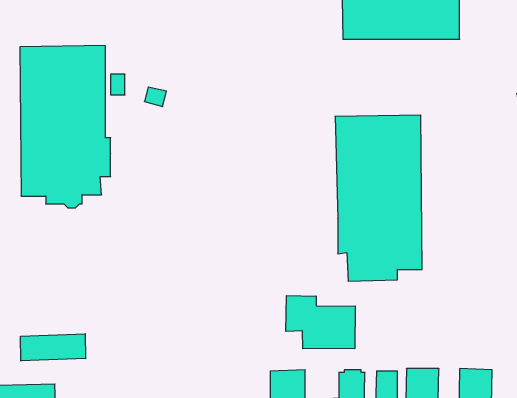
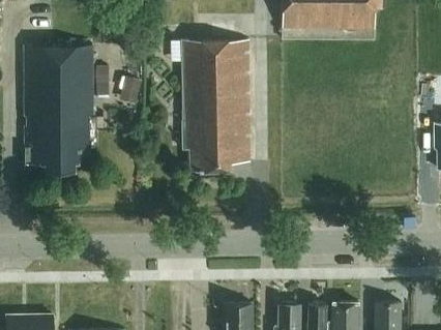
building: [335,115,422,281] -> [180,39,249,172]
building: [286,296,355,349] -> none
building: [21,334,86,361] -> none

